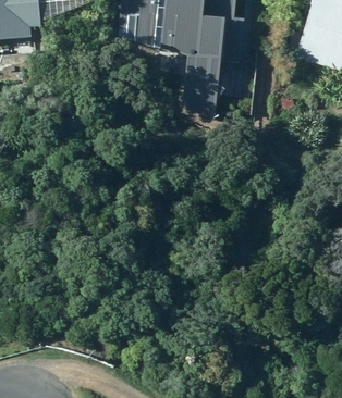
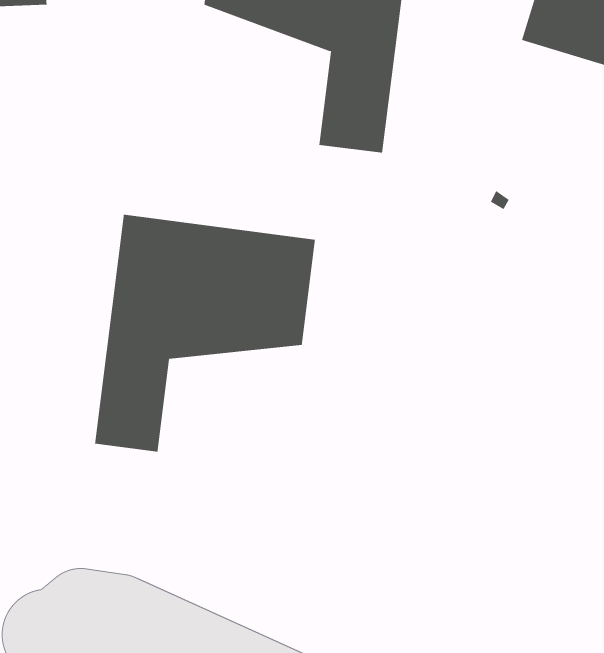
building: none -> [94,214,315,452]

